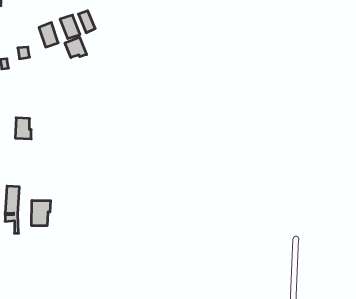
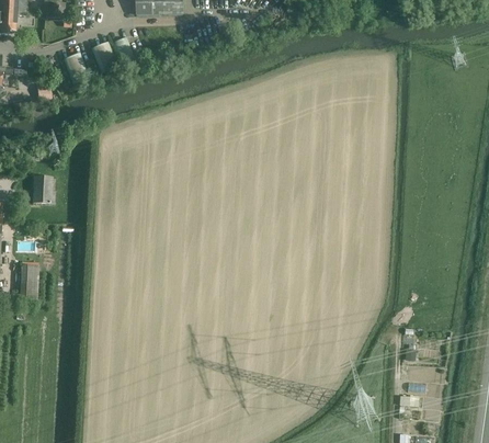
building: [65,37,87,58] -> none
building: [32,200,51,226] -> none

